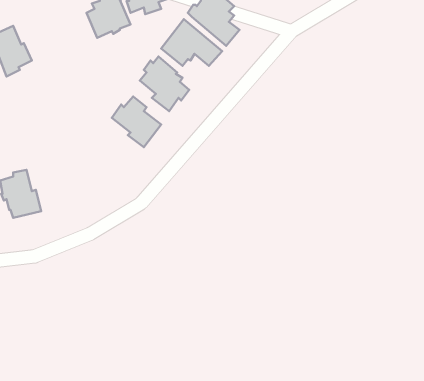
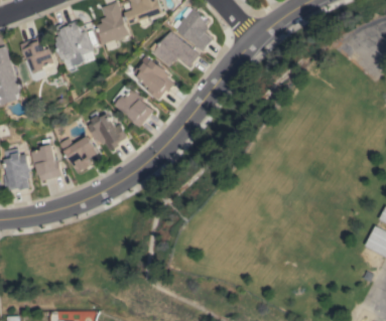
building: none -> [54,22,93,67]
building: none -> [87,110,127,151]
building: none -> [59,135,98,173]

